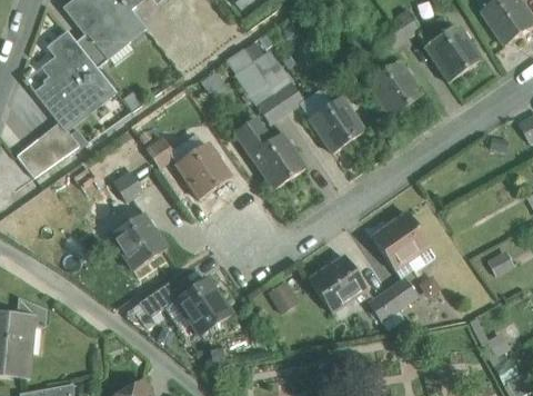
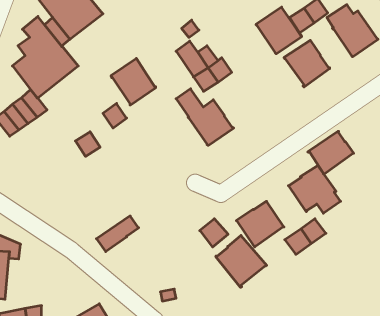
building: [309,96,364,152] -> [256,7,302,54]
building: [175,141,230,198] -> [111,58,156,105]
building: none -> [308,131,354,174]
building: [110,212,167,269] -> none
building: [175,277,231,334] -> none
building: none -> [216,235,267,287]

